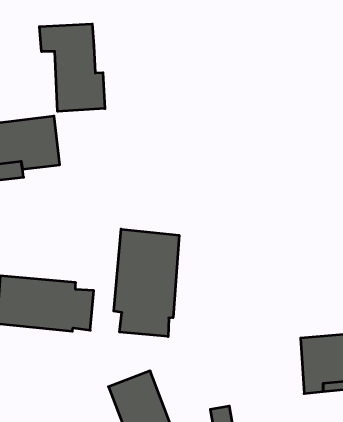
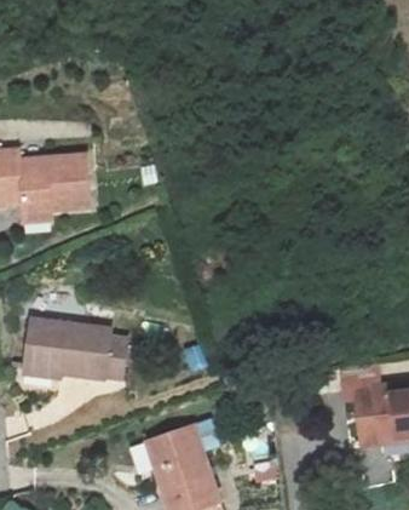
building: [39,24,105,111] -> none
building: [114,229,179,337] -> none

